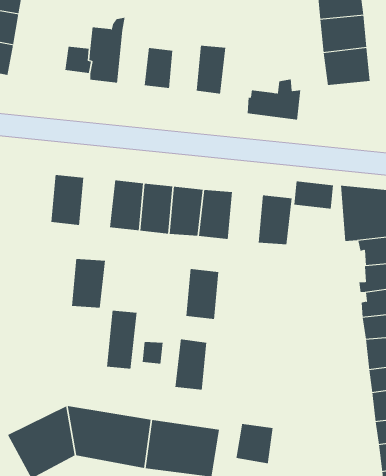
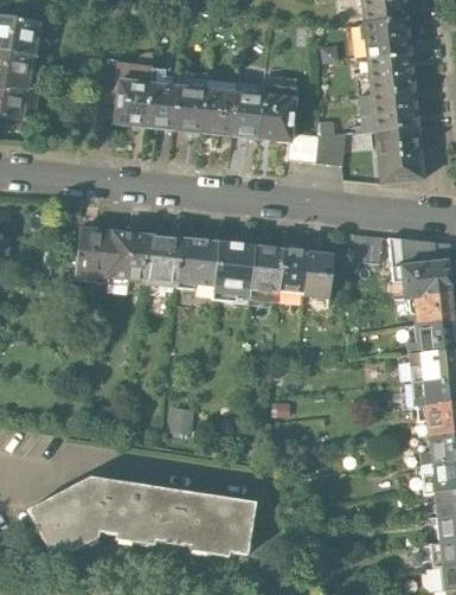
building: none -> [146,68,179,128]
building: none -> [258,73,297,141]
building: none -> [203,81,236,134]
building: none -> [374,123,428,181]
building: [71,258,106,308] -> [104,229,142,283]
building: [186,268,219,319] -> [266,244,303,300]
building: [107,310,137,370] -> none
building: [175,339,207,390] -> none
building: [236,423,273,464] -> none

